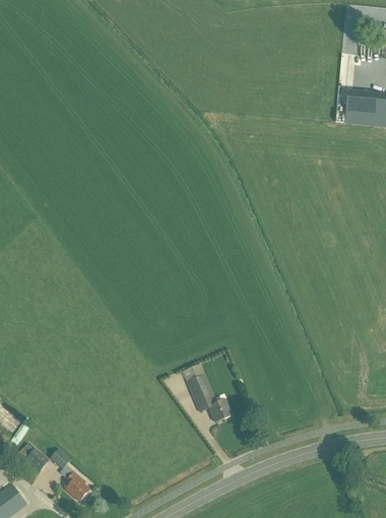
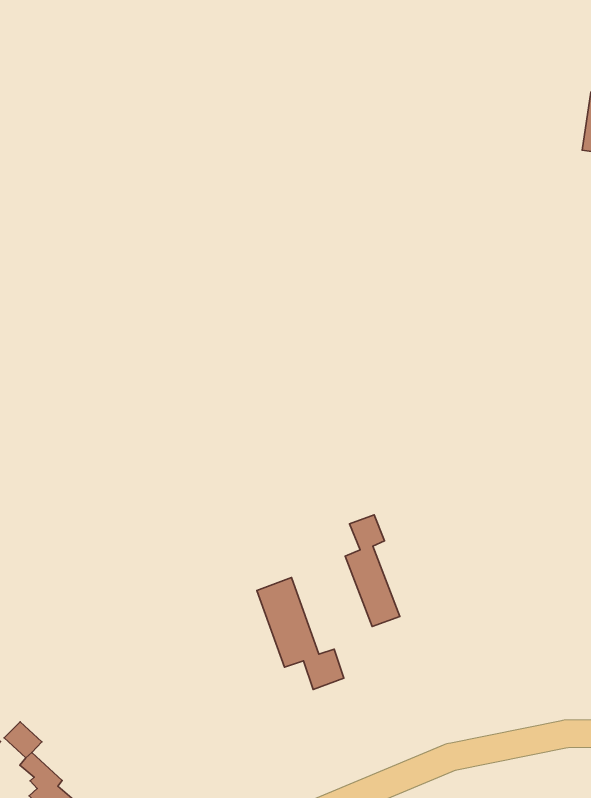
building: none -> [345,515,400,627]

